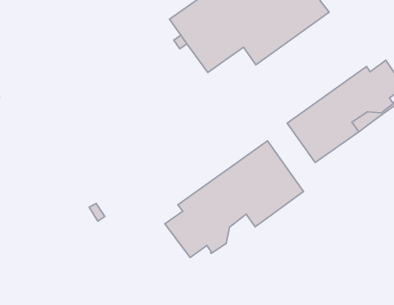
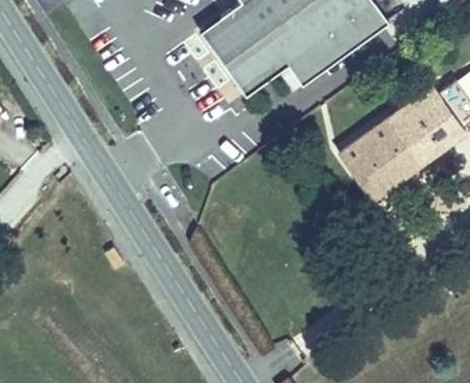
building: [165,141,304,258] -> none

